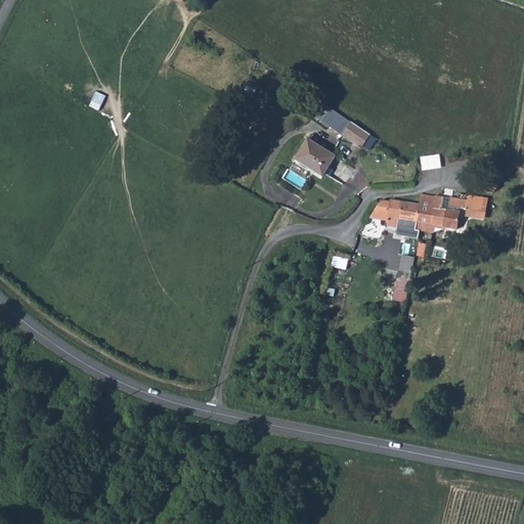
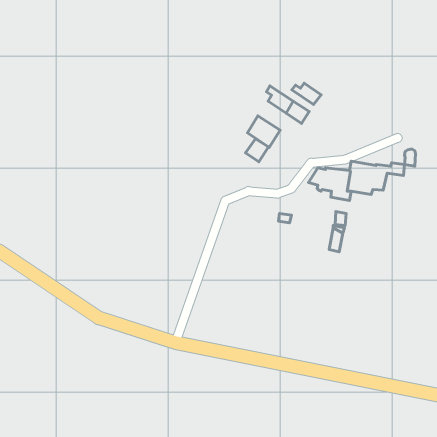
building: none -> [292,83,321,105]
building: none -> [246,139,268,162]

